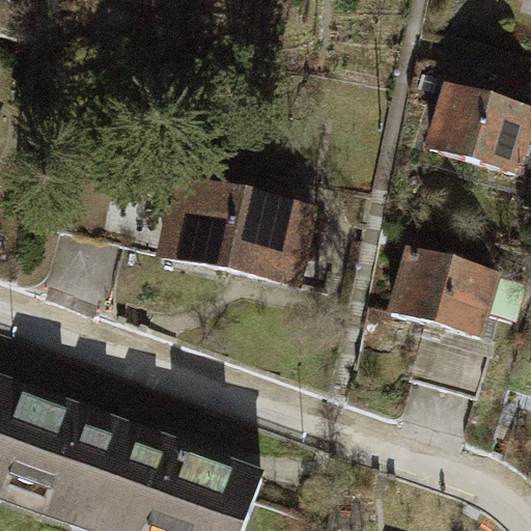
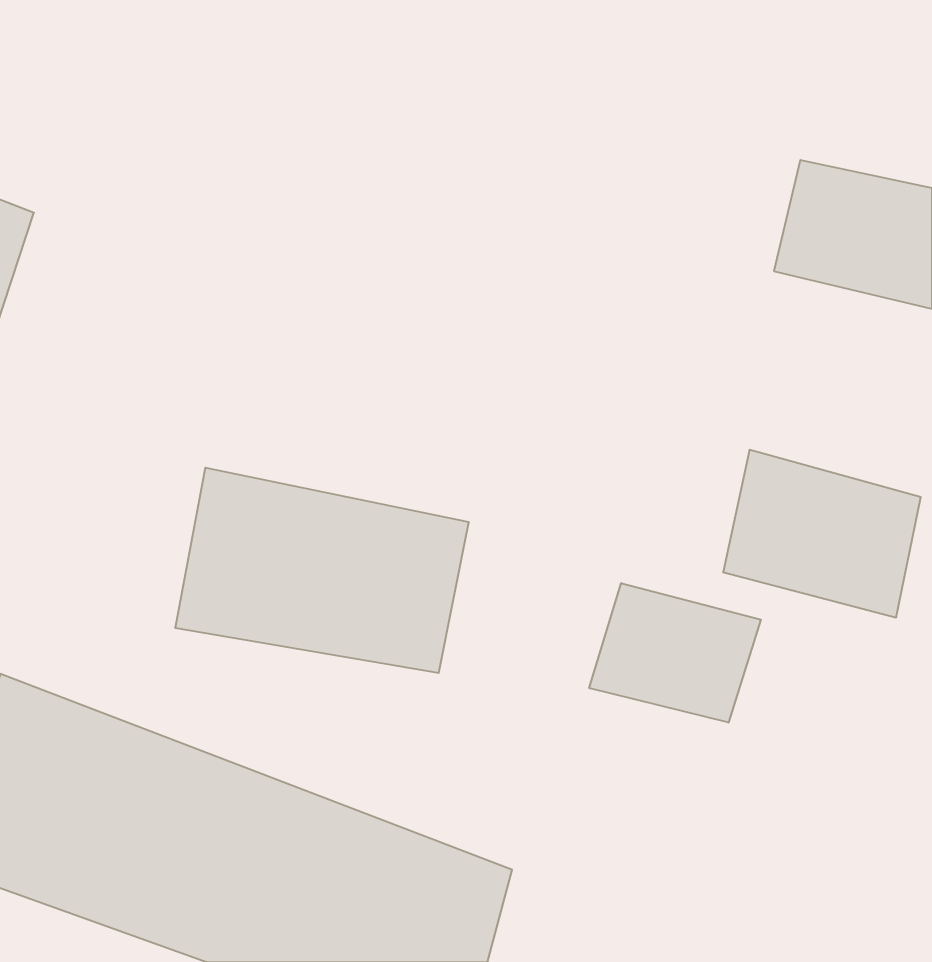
building: [167,173,329,286] -> [175,468,469,673]
building: none -> [589,583,761,723]

